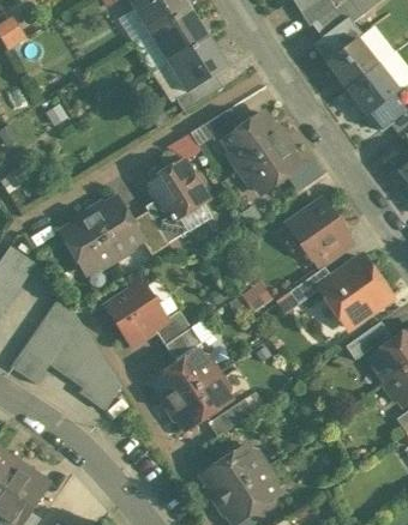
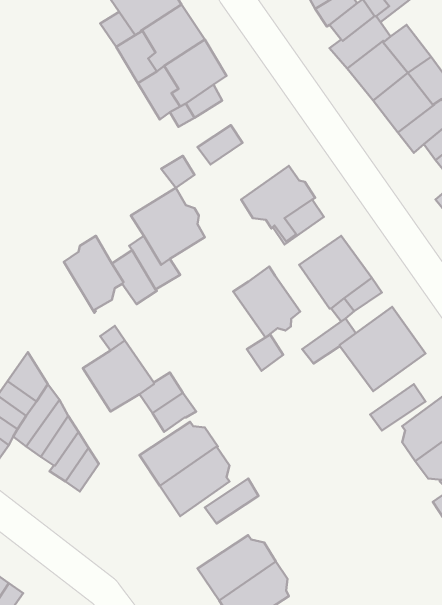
building: [226,111,278,169] -> none
building: [61,219,118,271] -> none
building: none -> [233,267,300,337]

